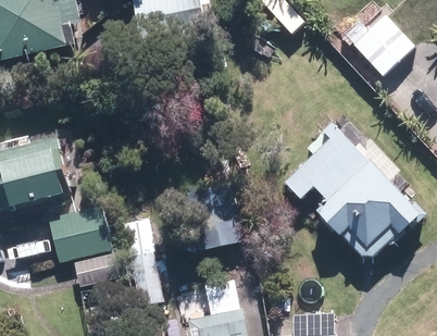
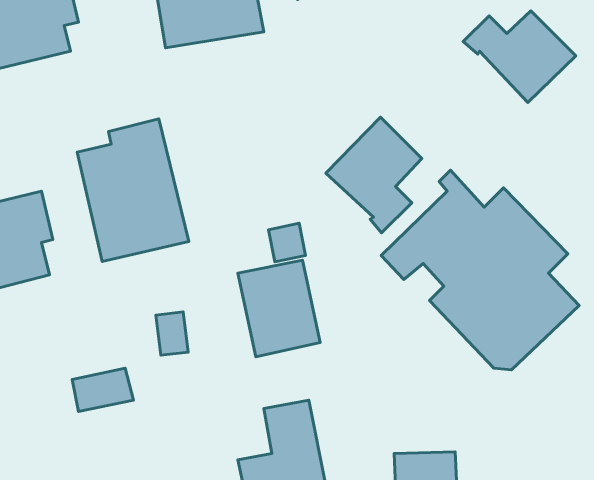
building: none -> [326,117,422,233]
building: none -> [77,119,189,262]
building: [50,206,111,263] -> none

